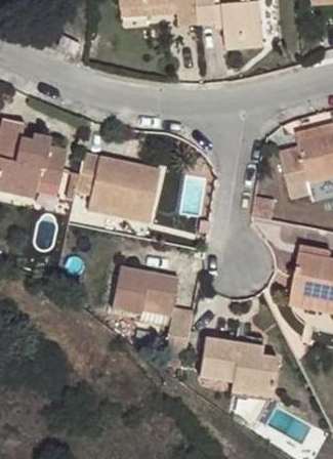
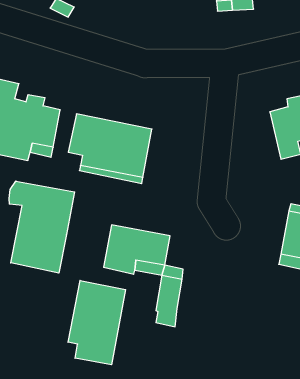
building: none -> [9,181,75,273]
building: none -> [68,280,126,365]
building: [199,337,278,395] -> none

